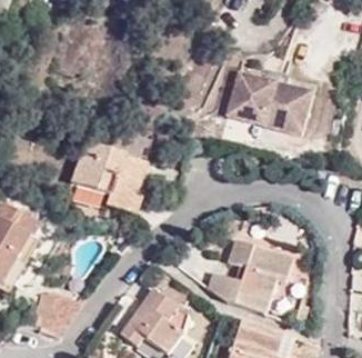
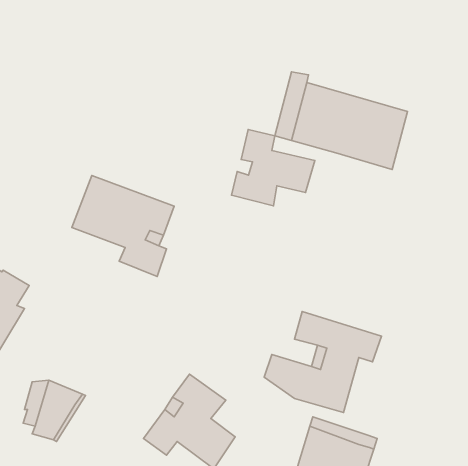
building: none -> [232,129,315,206]

